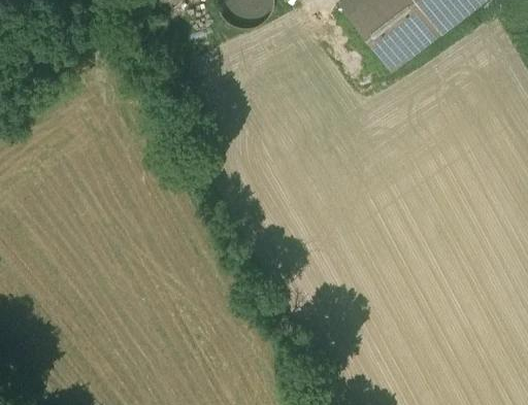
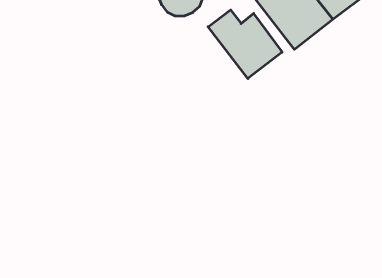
building: none -> [208,10,282,79]

